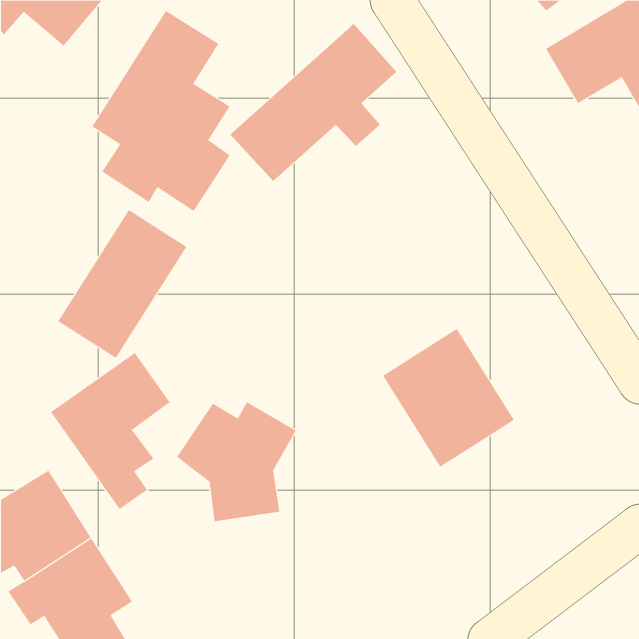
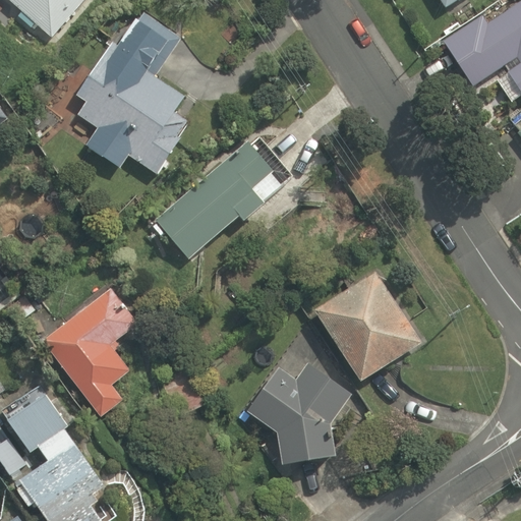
building: [229,23,397,182] -> [154,134,290,264]
building: [57,209,187,359] -> none
building: [176,402,297,522] -> [249,366,347,464]

